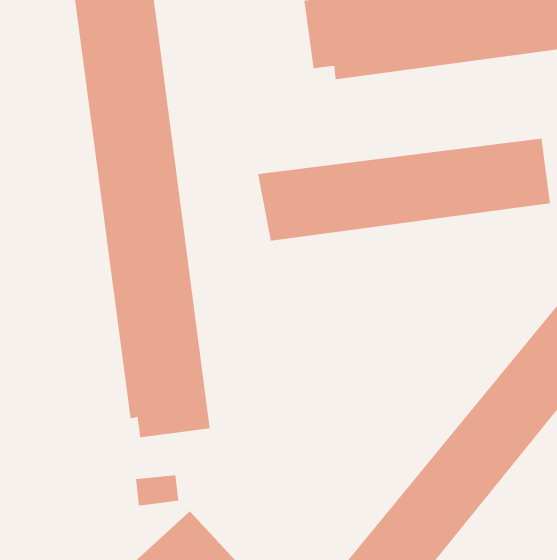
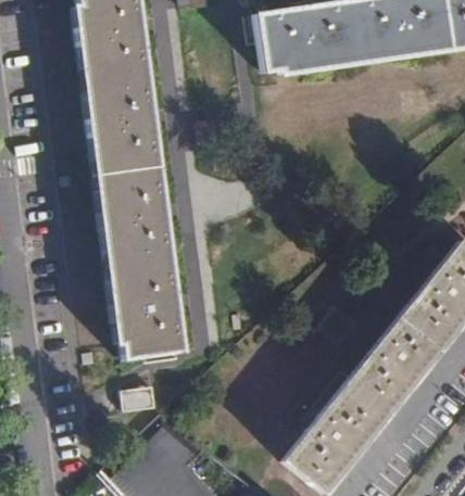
building: [257,138,551,242] -> none

